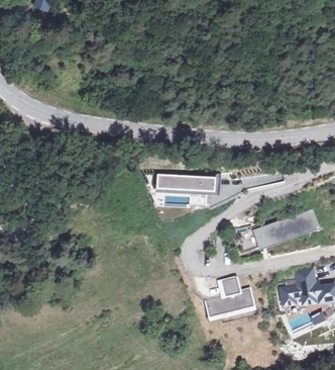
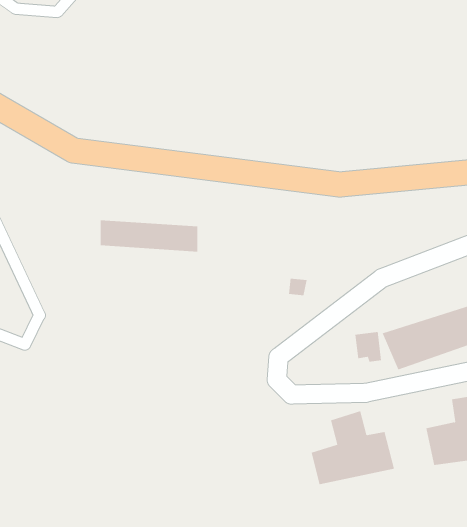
building: [154,172,216,192] -> [100,220,198,252]

